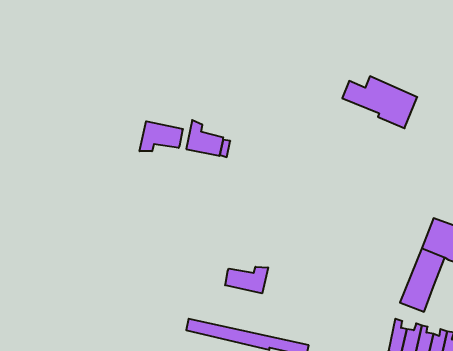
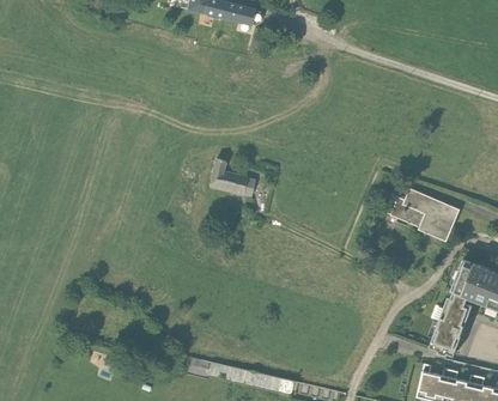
building: [342,76,417,128] -> [384,188,462,242]
building: [140,121,183,151] -> none
building: [225,267,268,293] -> none

